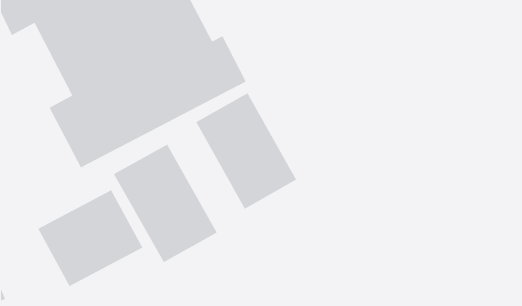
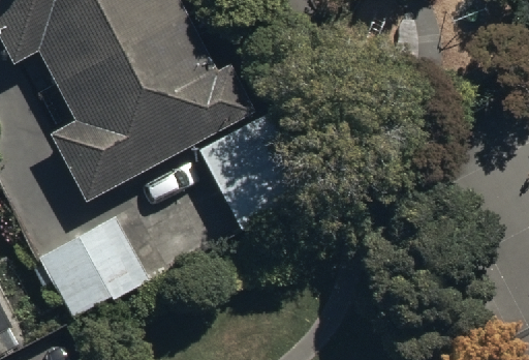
building: [113,143,218,263] -> none

